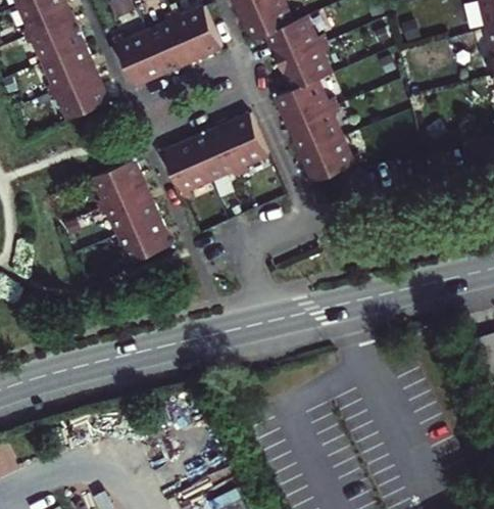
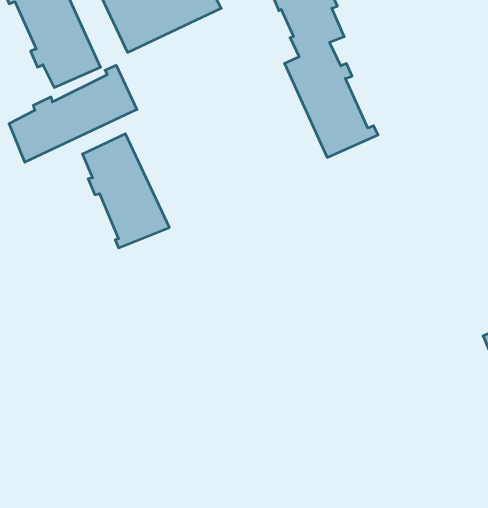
building: none -> [9,65,137,162]
building: [164,111,269,197] -> none

